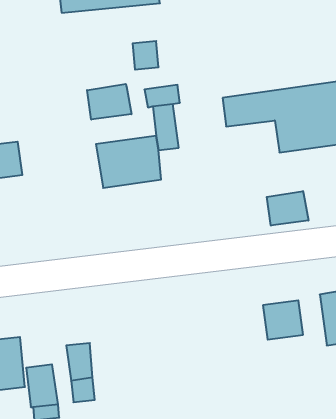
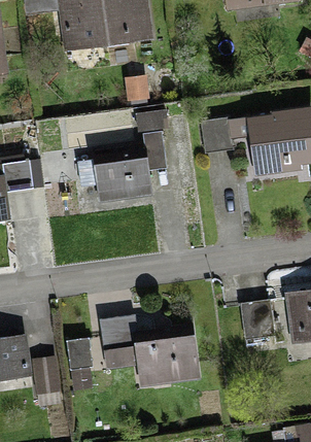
building: [87,84,131,120] -> none
building: [267,191,308,226] -> none
building: none -> [103,313,201,385]

